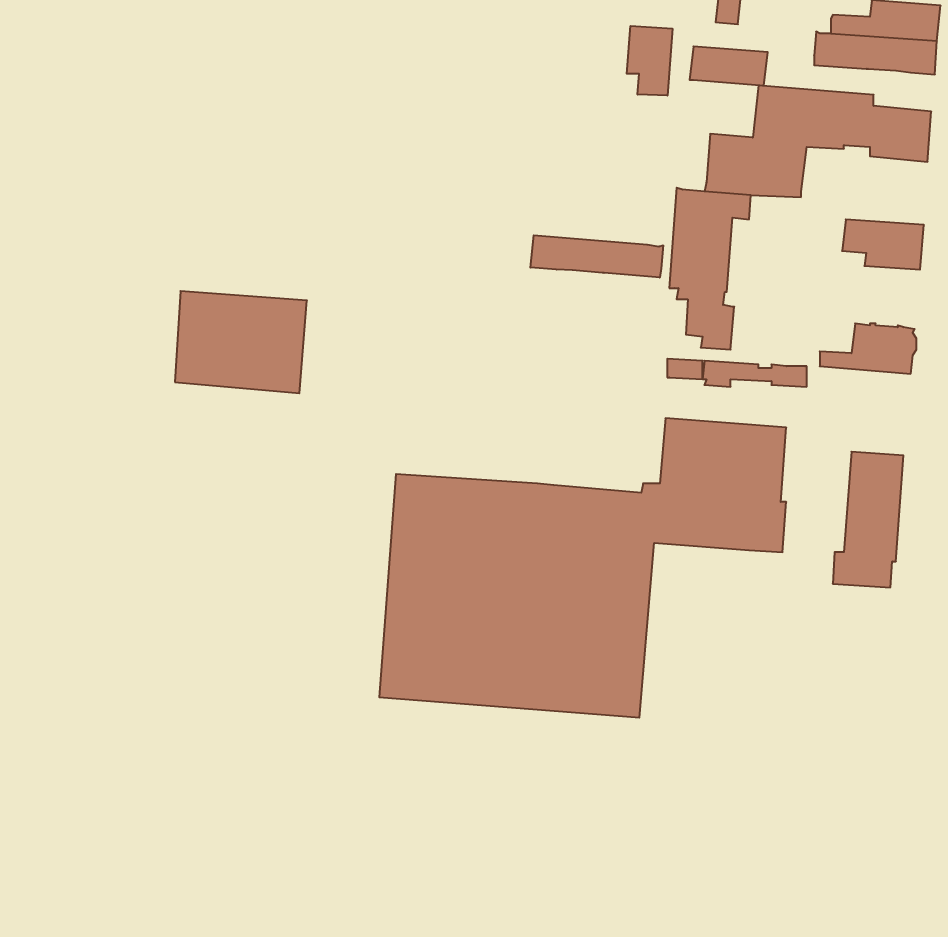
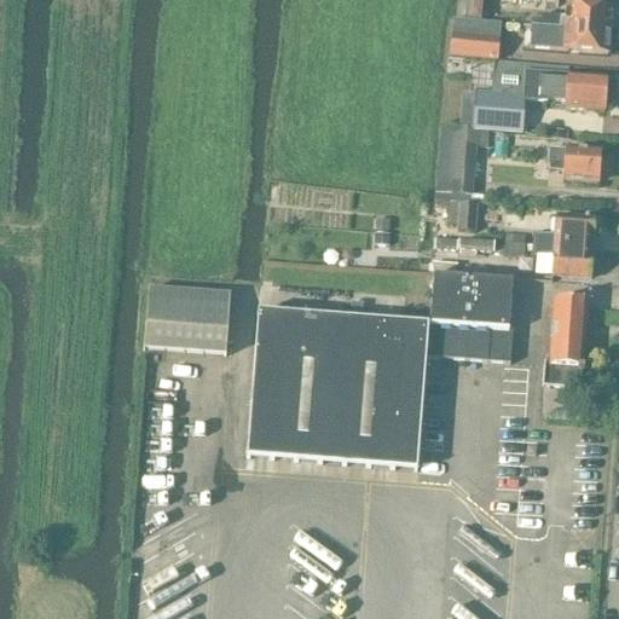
building: [627,26,672,96] -> none
building: [530,235,663,278] -> none
building: [175,291,307,393] -> [145,285,231,352]
building: none -> [533,238,595,273]

